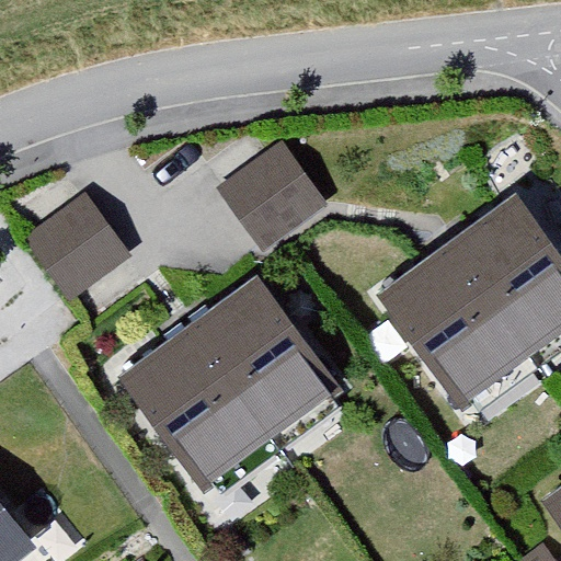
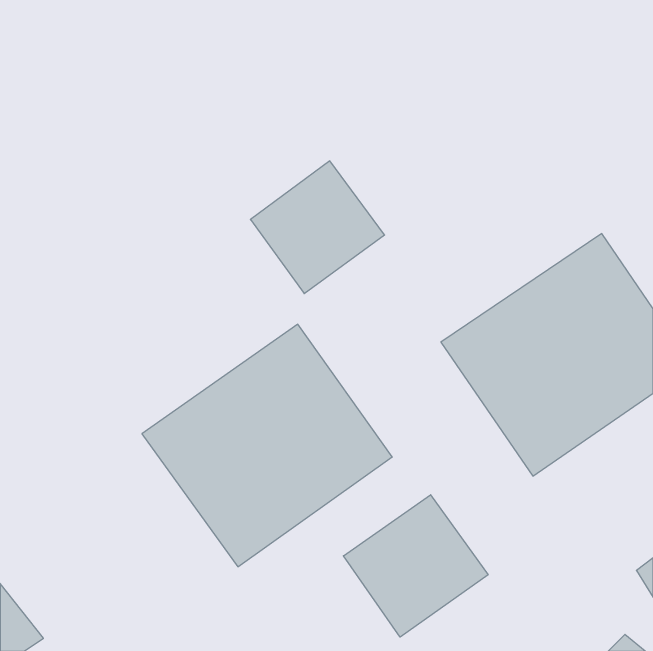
building: [27,191,133,296] -> none
building: none -> [343,495,488,637]

